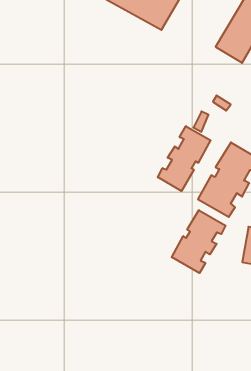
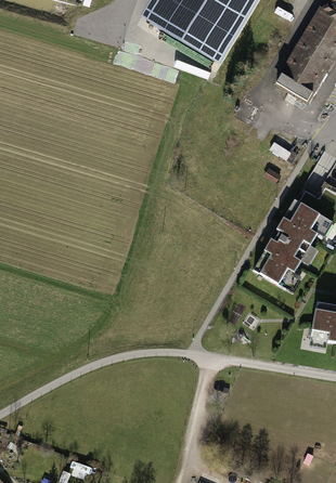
building: [158,126,211,191] -> none
building: [172,210,226,273] -> none

